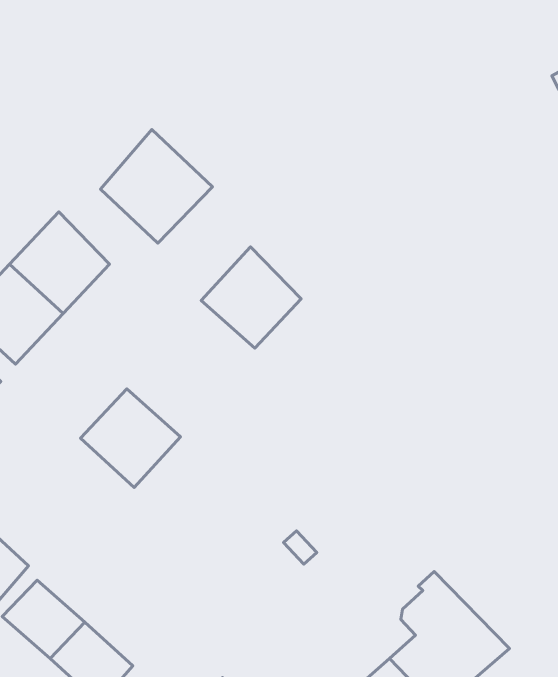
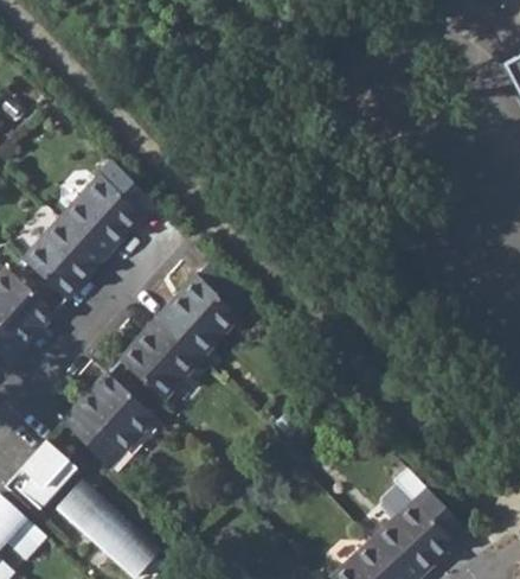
building: [101,129,213,243] -> none
building: [201,247,301,348] -> [156,276,238,360]
building: none -> [64,374,154,466]

